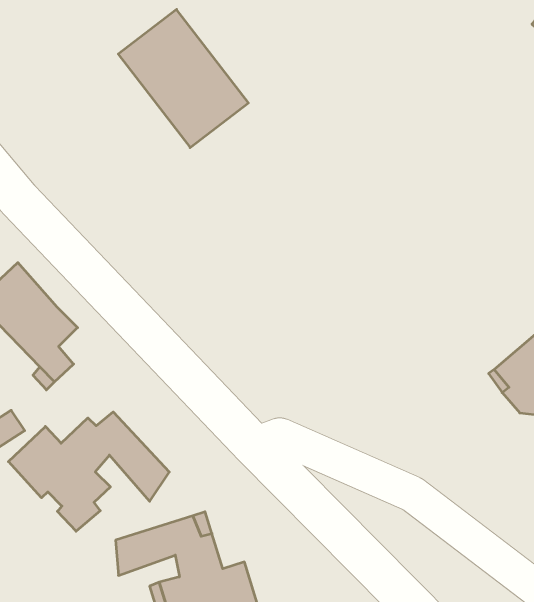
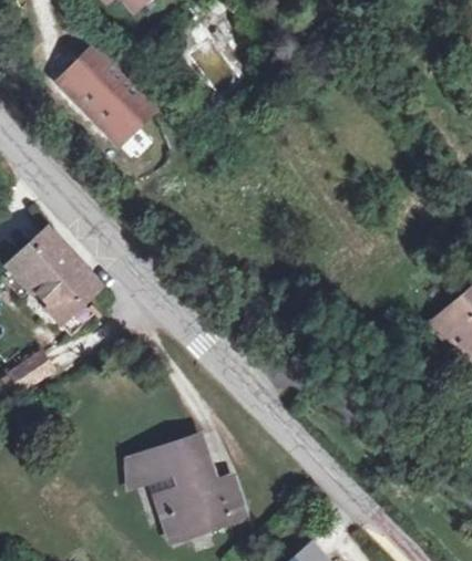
building: [118,9,248,148] -> [51,35,157,148]
building: [8,412,169,531] -> none

